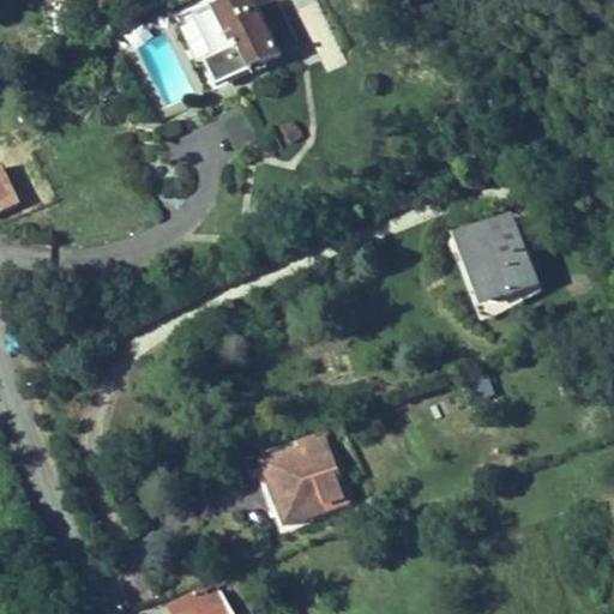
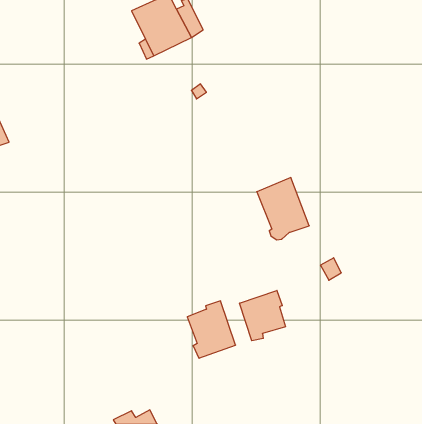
building: [458,215,534,305] -> [257,178,309,240]
building: none -> [240,290,286,341]

